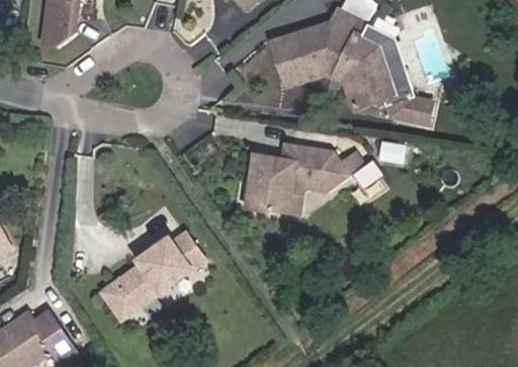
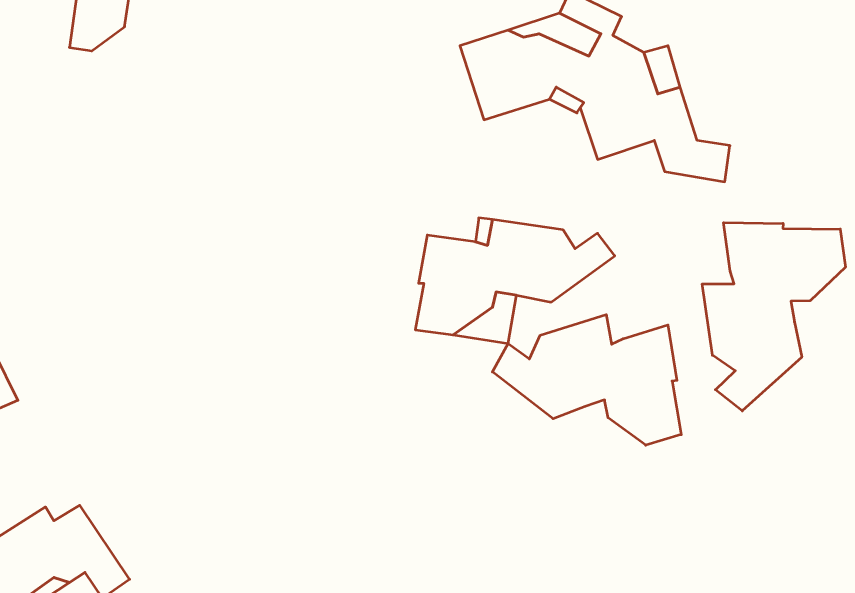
building: none -> [702,223,845,411]
building: none -> [492,315,681,445]
building: [101,233,204,319] -> none

